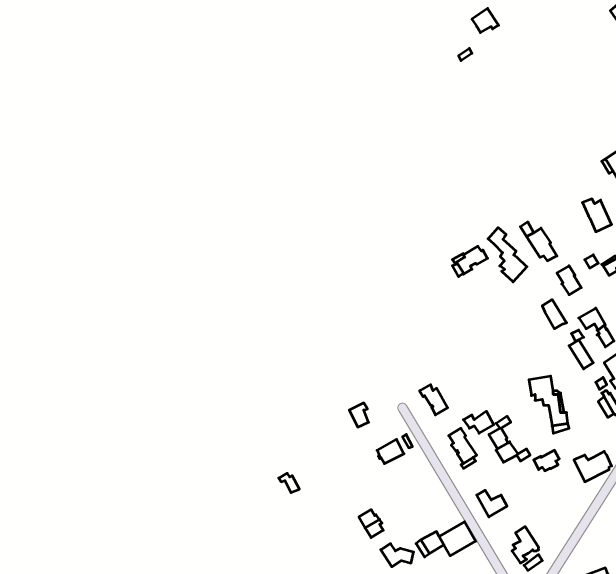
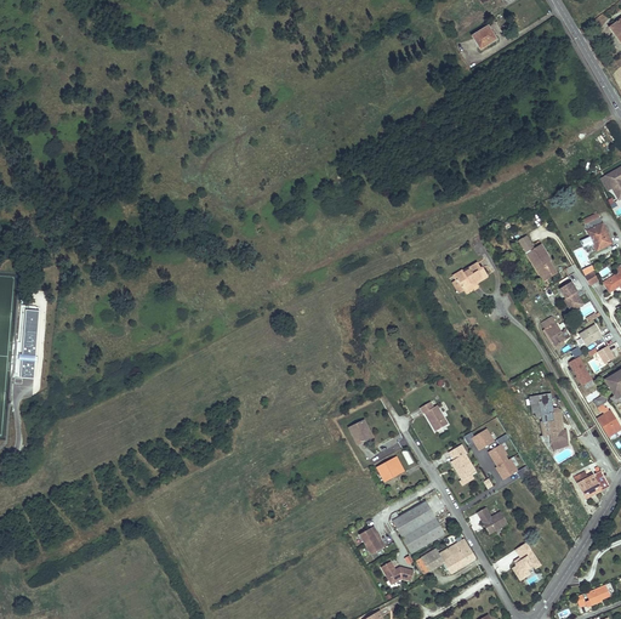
building: [488,228,527,282] -> none
building: none -> [393,501,444,552]

